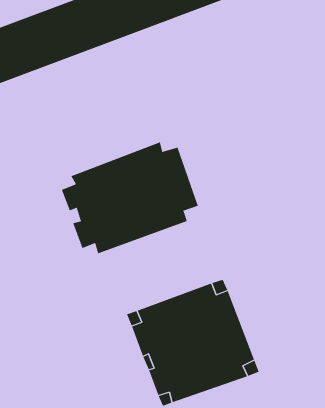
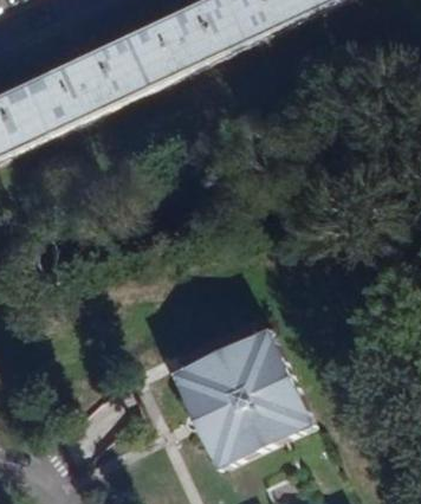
building: [61,142,199,254] -> none

